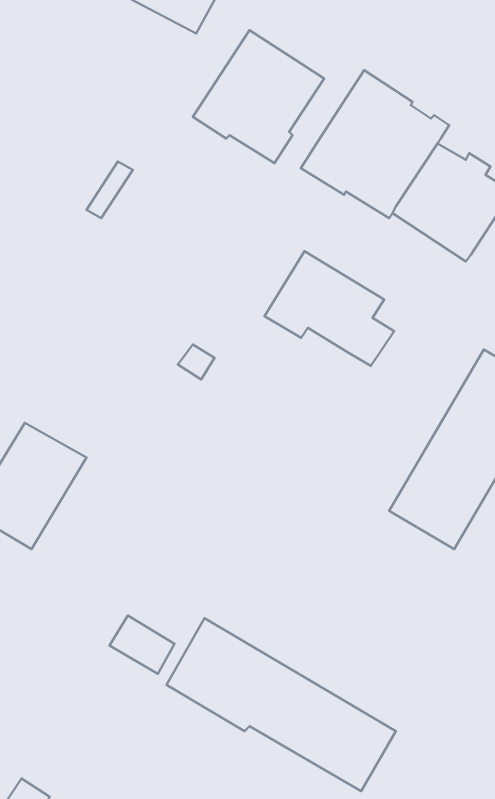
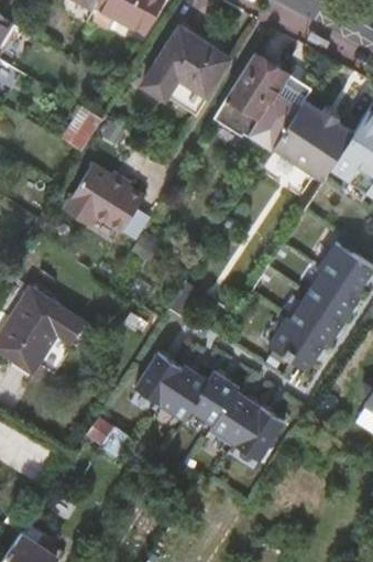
building: [264,251,394,366] -> [65,164,151,240]
building: [166,618,396,791] -> [134,344,286,458]

